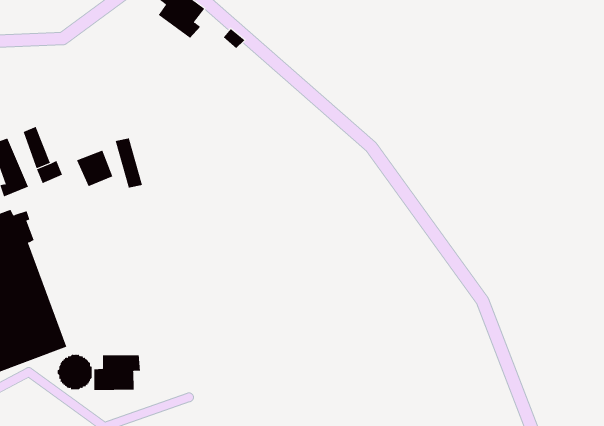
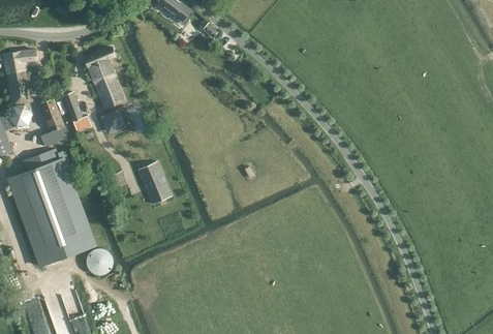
building: none -> [84,48,124,108]
building: none -> [137,161,171,204]
building: [94,354,141,391] -> none

